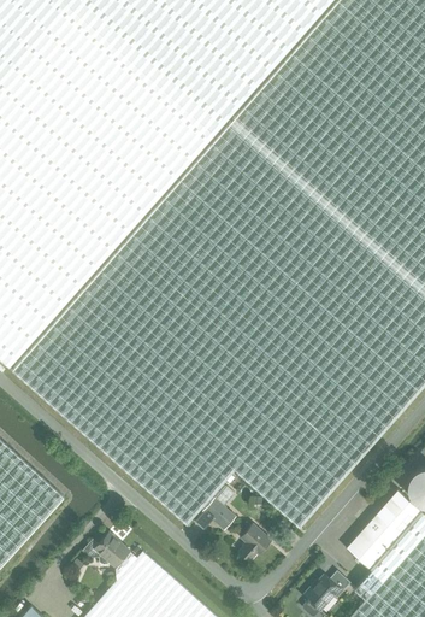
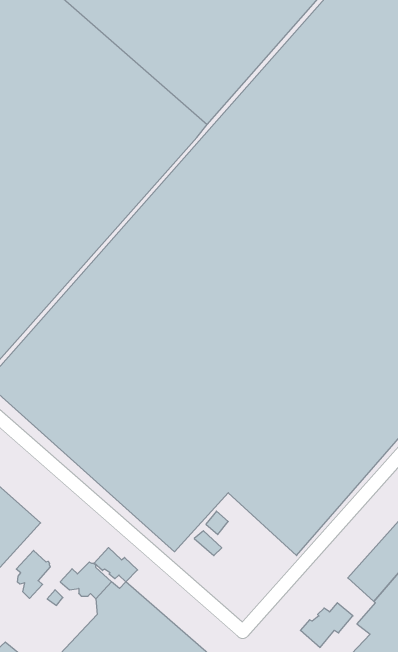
building: none -> [94,548,138,582]
building: none -> [16,550,50,598]
building: [238,523,271,559] -> none

